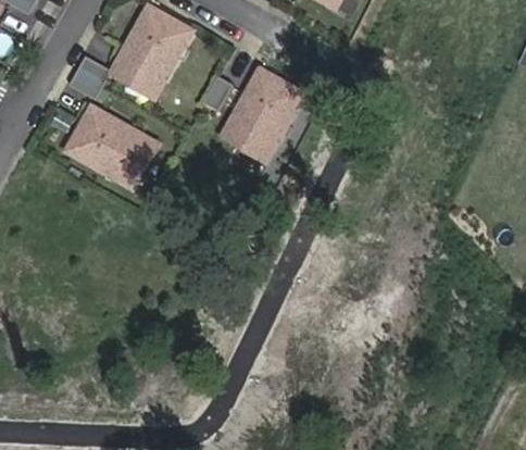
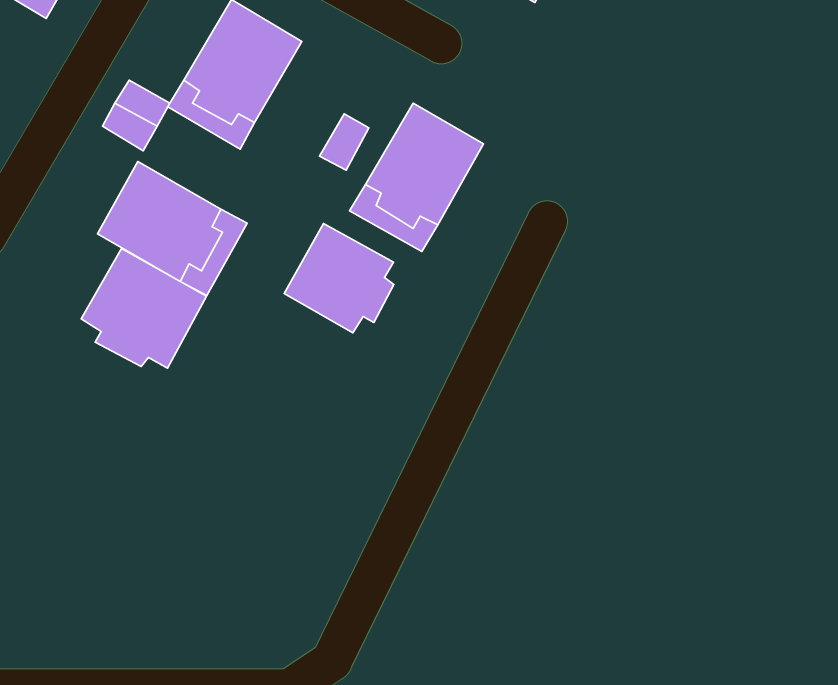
building: none -> [284,224,394,333]
building: none -> [81,249,207,368]

